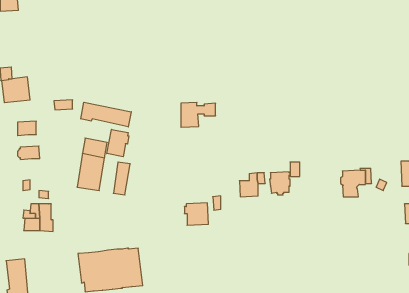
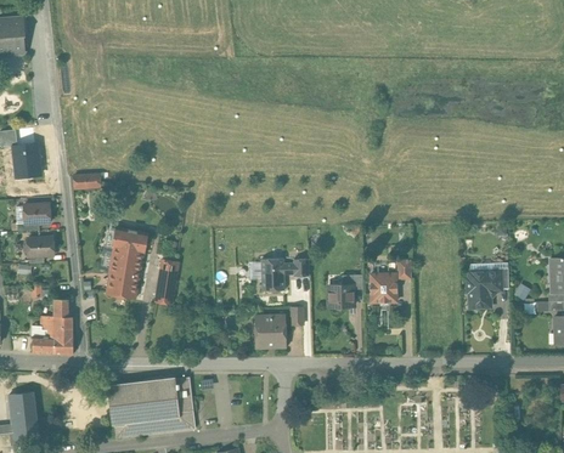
building: [81,102,131,127] -> none
building: [181,102,216,127] -> [261,257,309,291]
building: [107,129,129,157] -> none

